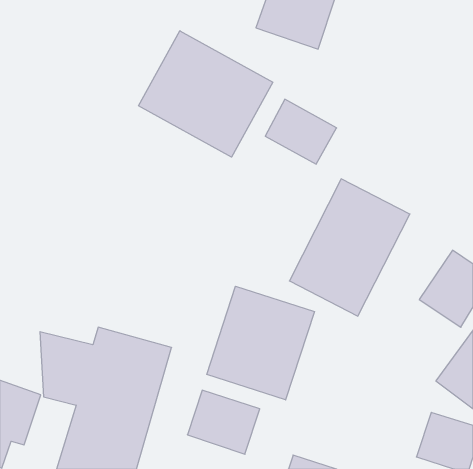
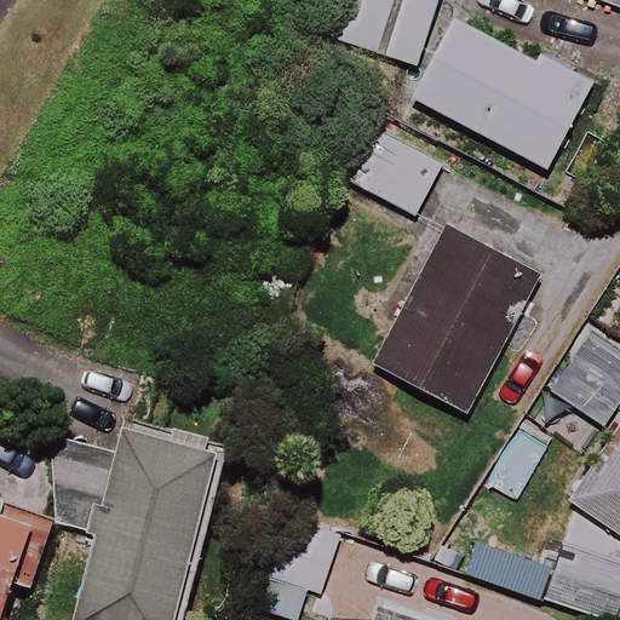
building: none -> [414,19,591,166]
building: [139,31,273,157] -> none
building: [207,286,314,400] -> none

